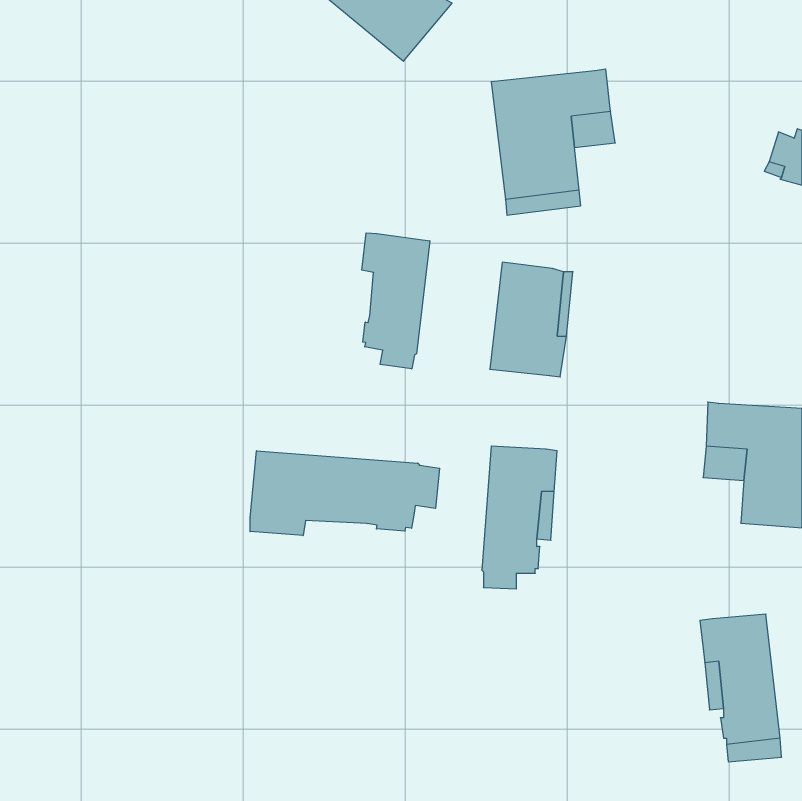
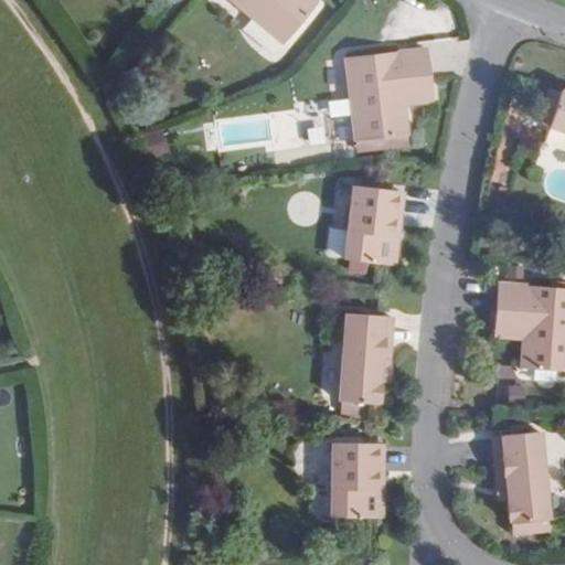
building: [362,233,430,369] -> none
building: [250,451,440,536] -> none
building: none -> [331,443,382,518]

